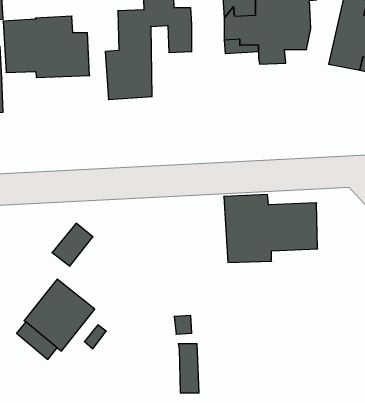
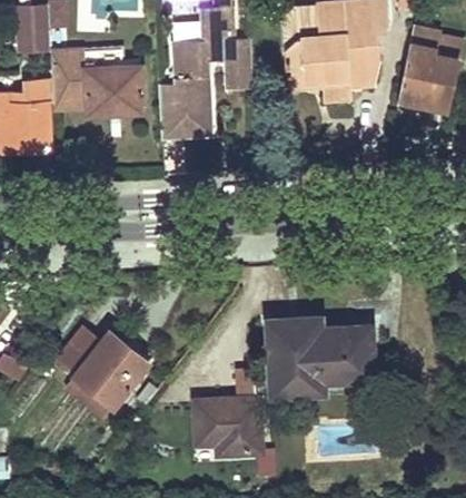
building: [224,195,318,262] -> [269,320,369,392]
building: [52,223,93,266] -> [56,328,99,373]
building: none -> [197,406,239,453]

